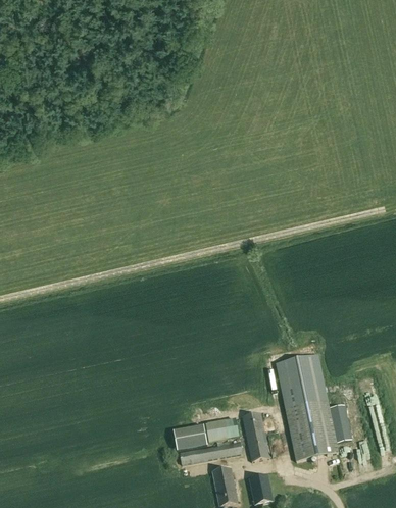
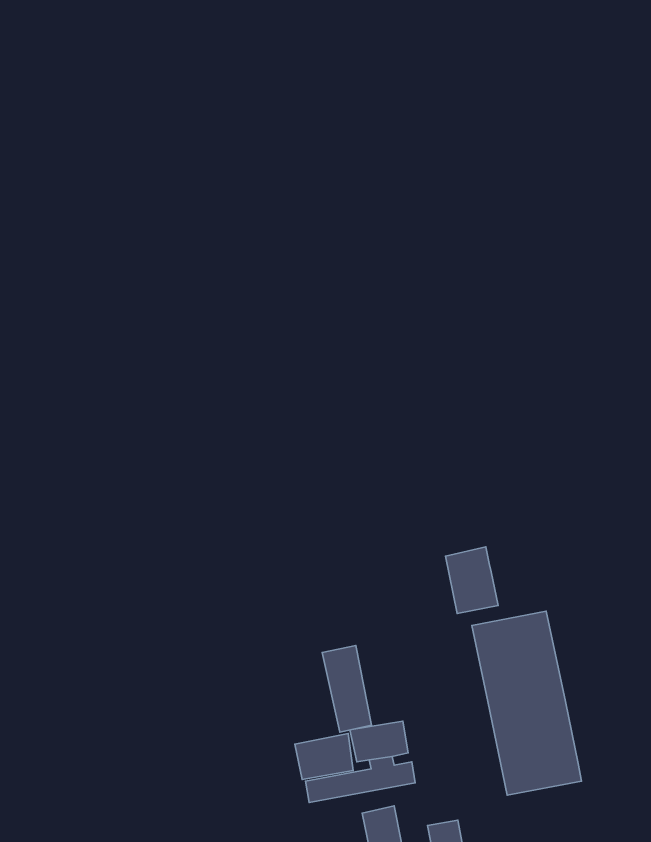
building: none -> [446,547,498,613]
building: [329,402,351,441] -> none
building: [241,410,269,460] -> [322,645,372,732]

